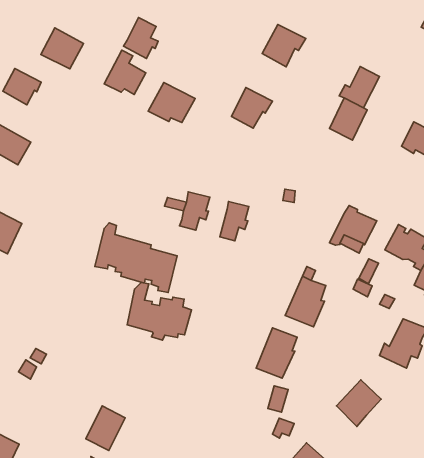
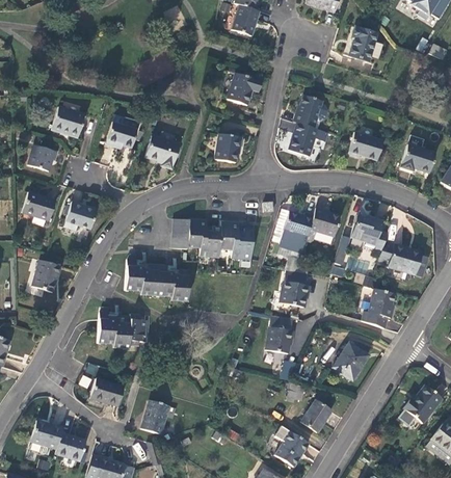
building: [123,17,158,58] -> none
building: none -> [63,201,97,230]
building: none -> [278,211,313,249]
building: none -> [198,225,220,257]
building: none -> [230,228,253,258]
building: [127,282,192,340] -> [97,306,145,348]
building: none -> [87,377,124,409]

